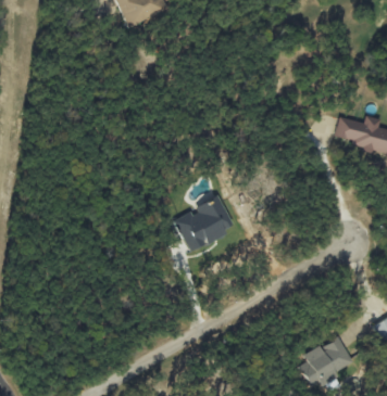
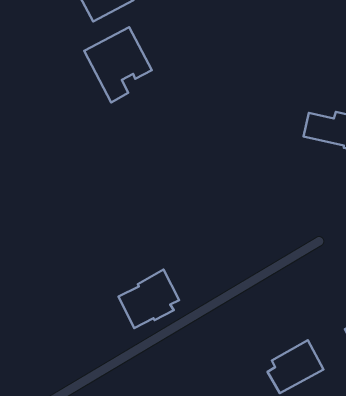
building: none -> [84,27,152,102]
building: [179,195,238,252] -> [119,270,179,328]

